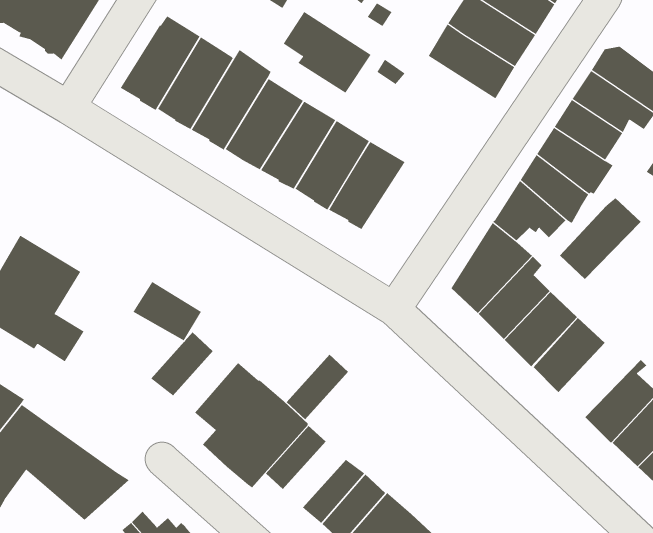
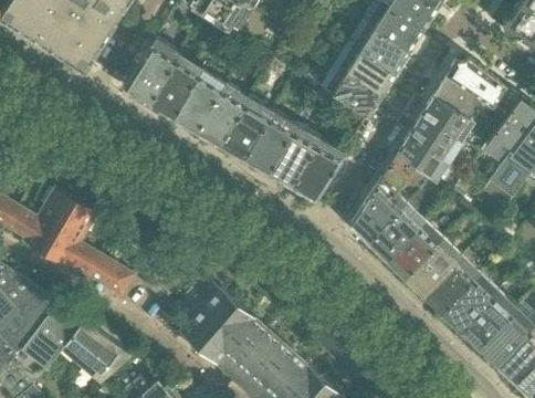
building: [283,11,372,93] -> [321,66,381,123]
building: none -> [290,139,343,200]
building: [559,198,641,280] -> [424,258,481,314]
building: [133,281,202,341] -> [86,255,134,296]
building: [286,354,349,420] -> [235,331,279,376]

